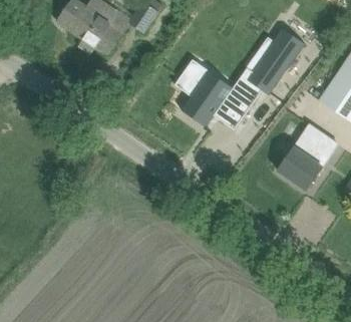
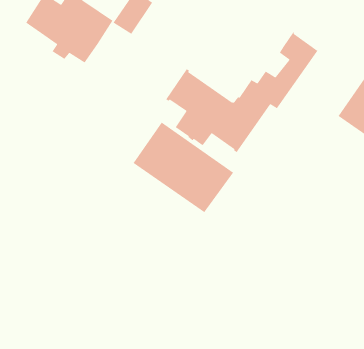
building: none -> [133,121,234,213]
building: [278,126,337,191] -> none

